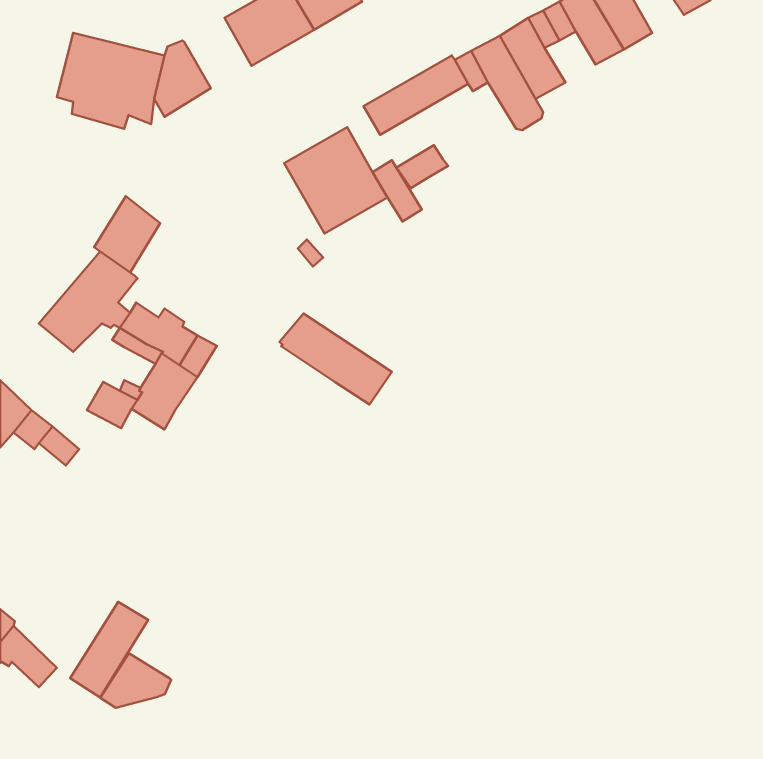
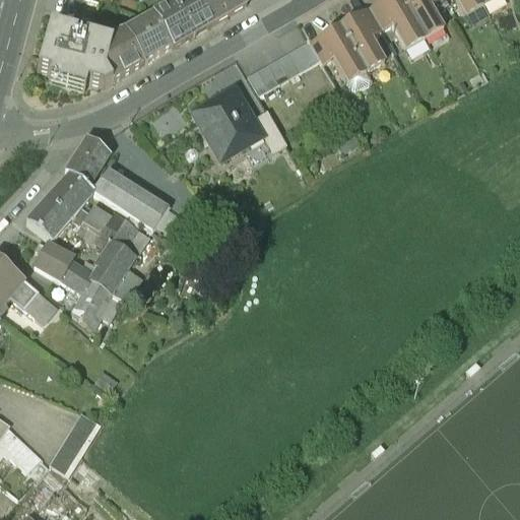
building: none -> [126,12,172,60]
building: [396,145,448,188] -> none
building: [280,313,392,405] -> [92,168,169,230]
building: none -> [35,239,72,278]
building: none -> [72,277,113,326]
building: [100,653,171,708] -> none

